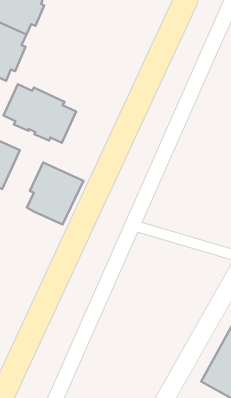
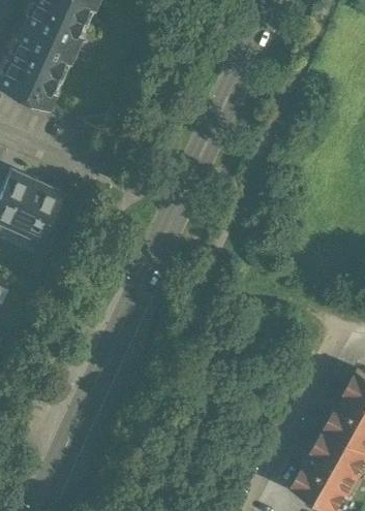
building: [4,84,76,143] -> none
building: [27,162,83,224] -> none

